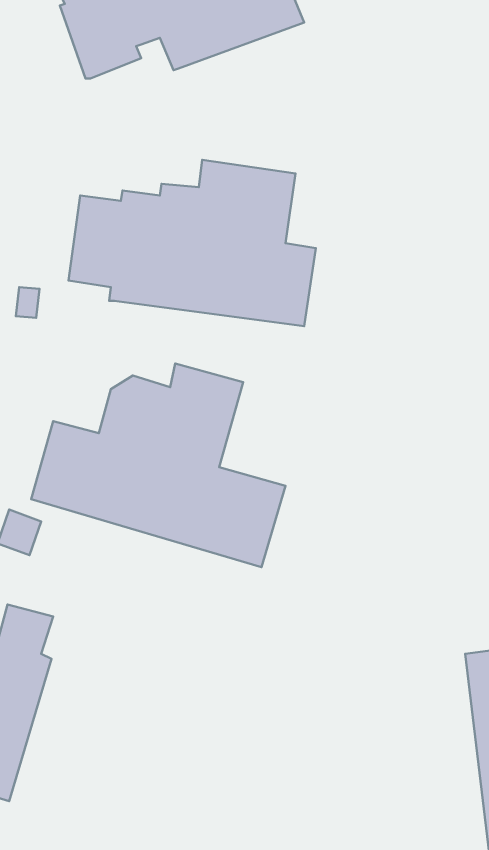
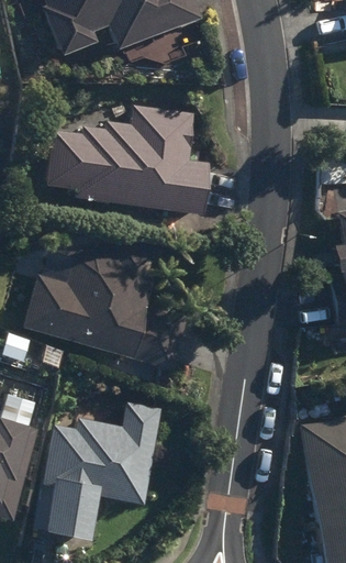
building: none -> [35,405,164,541]

